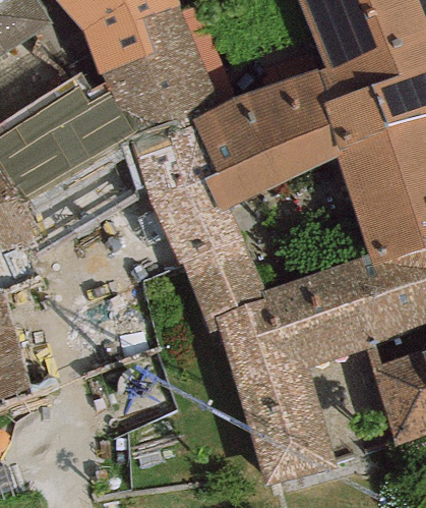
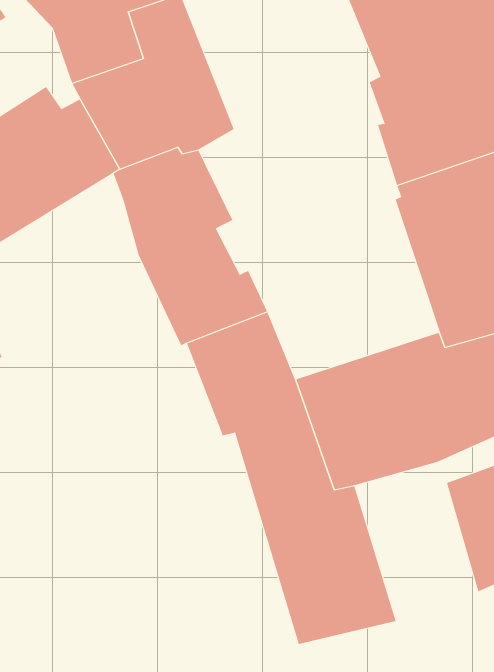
building: [190,68,339,210] -> none

